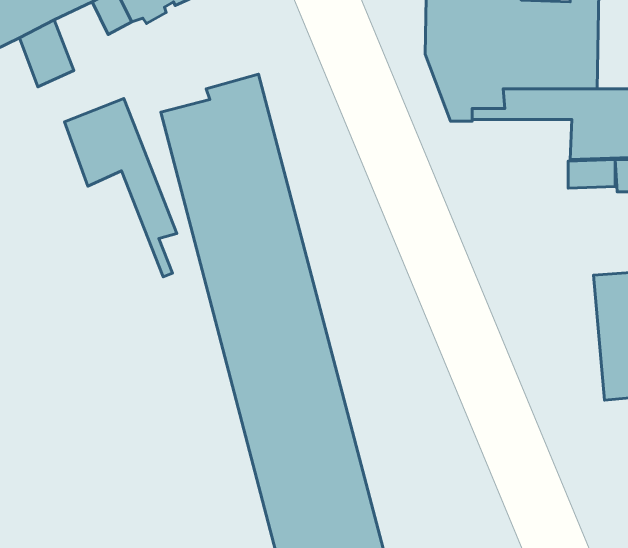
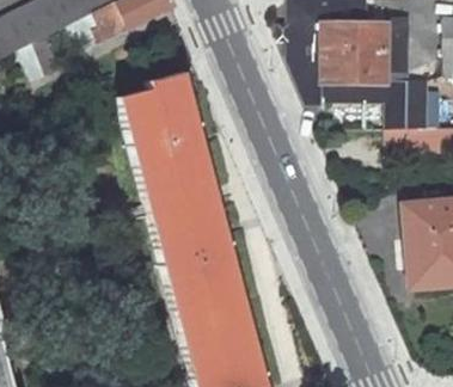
building: [64,98,177,277] -> none

